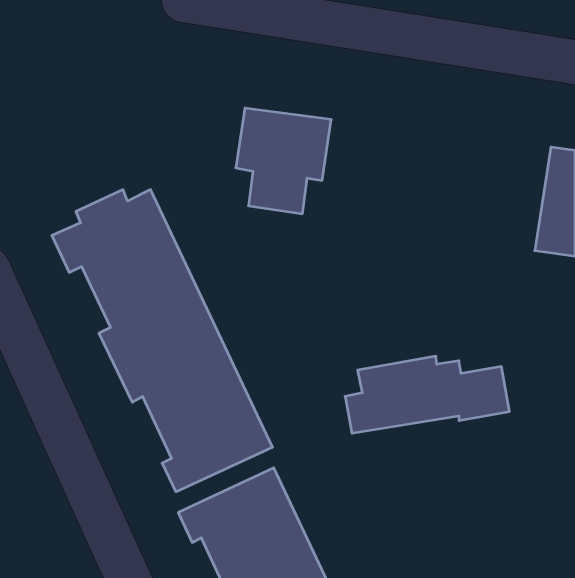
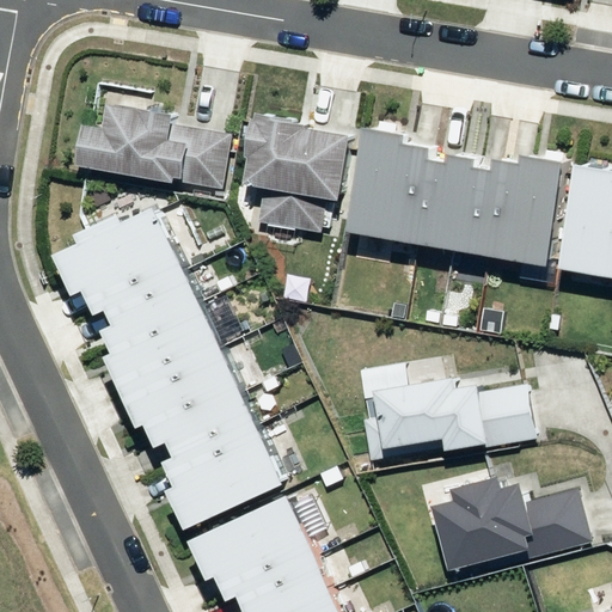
building: none -> [60,98,225,188]
building: none -> [348,128,564,267]
building: none -> [433,481,585,569]

